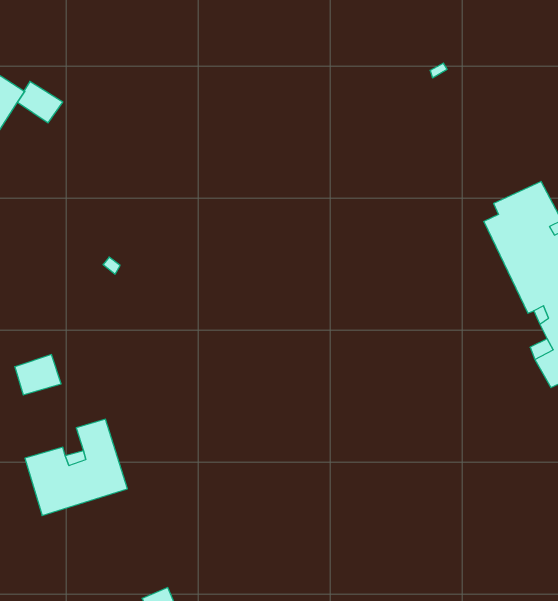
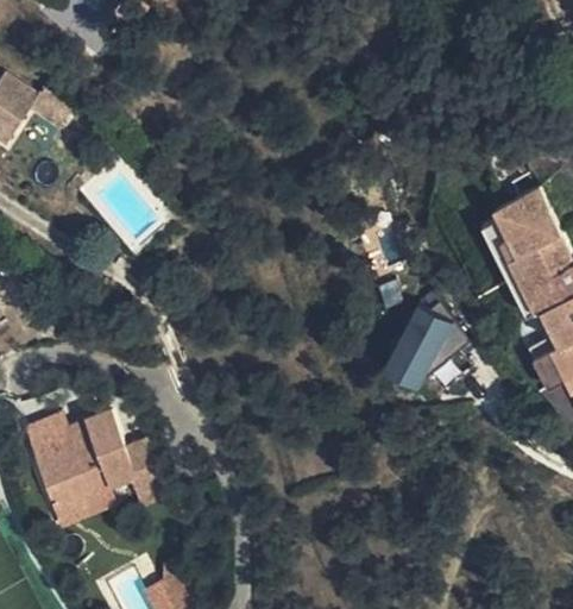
building: none -> [380,310,453,400]
building: [15,355,61,395] -> [31,416,76,456]

